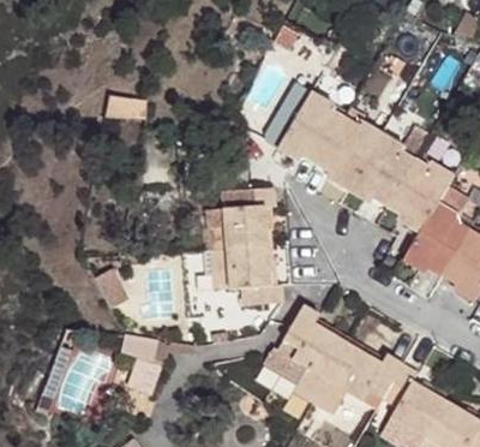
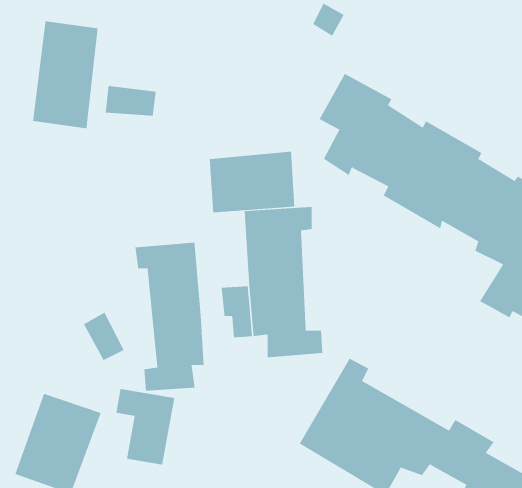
building: none -> [33,21,98,129]
building: none -> [209,151,295,213]
building: none -> [135,242,204,392]

